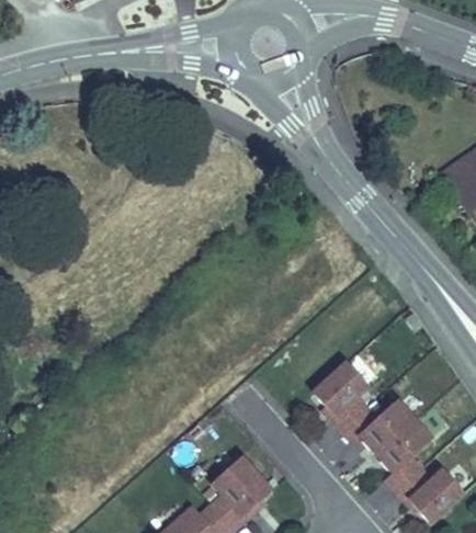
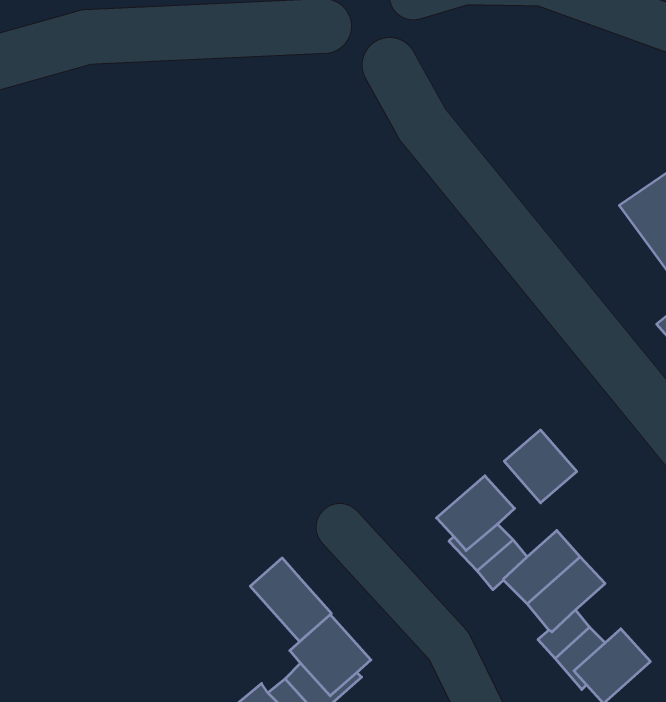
building: none -> [504,430,577,503]
building: none -> [250,558,331,642]

